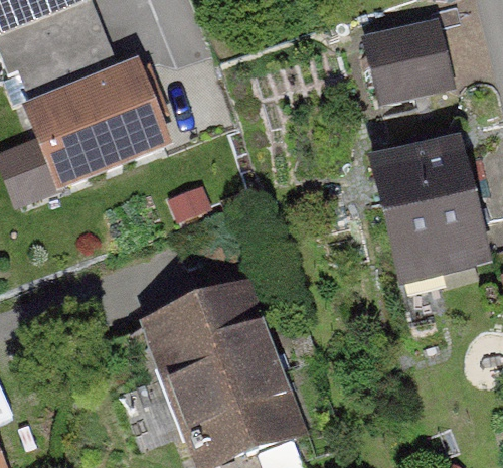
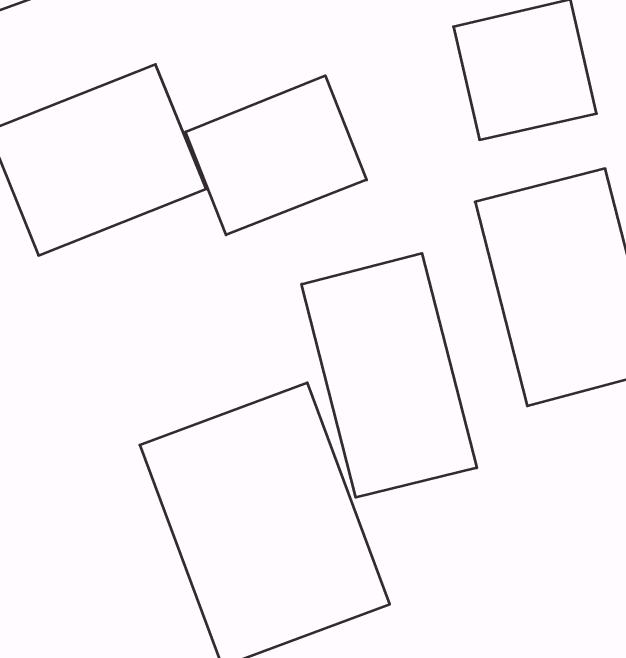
building: none -> [186,76,367,235]
building: none -> [302,253,477,497]

